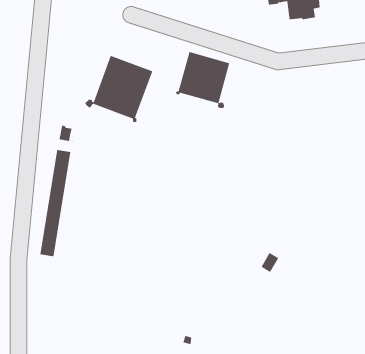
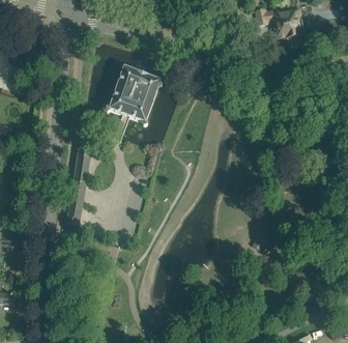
building: [175,51,230,109] -> none

